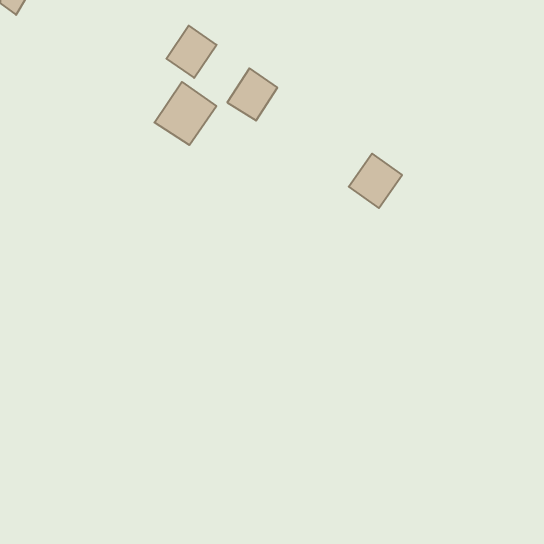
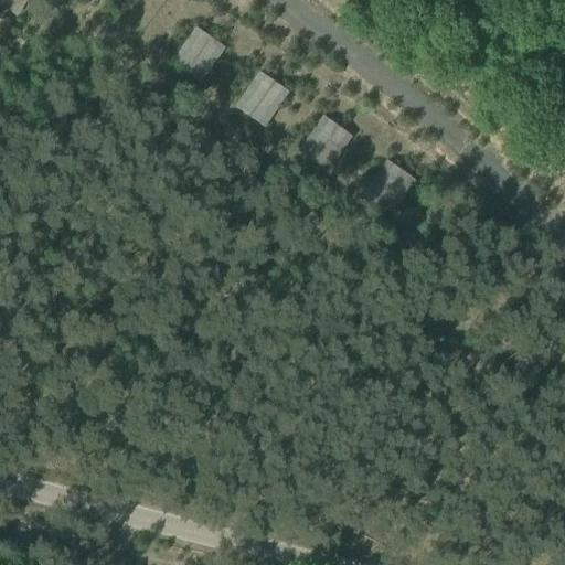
building: [154,82,216,145] -> none
building: none -> [299,115,353,170]

